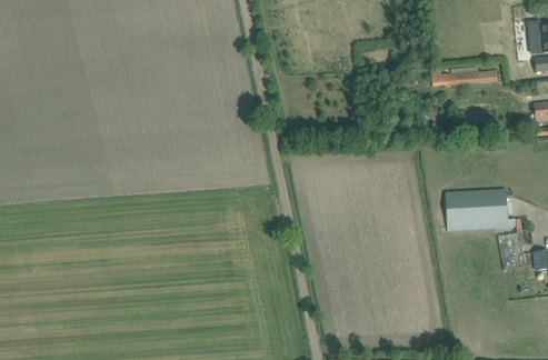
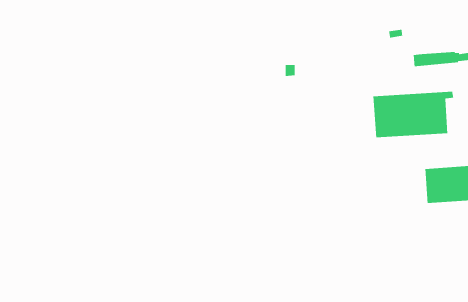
building: none -> [372,91,454,138]

